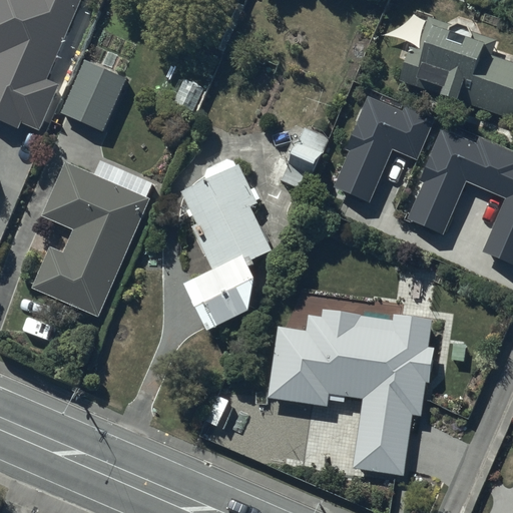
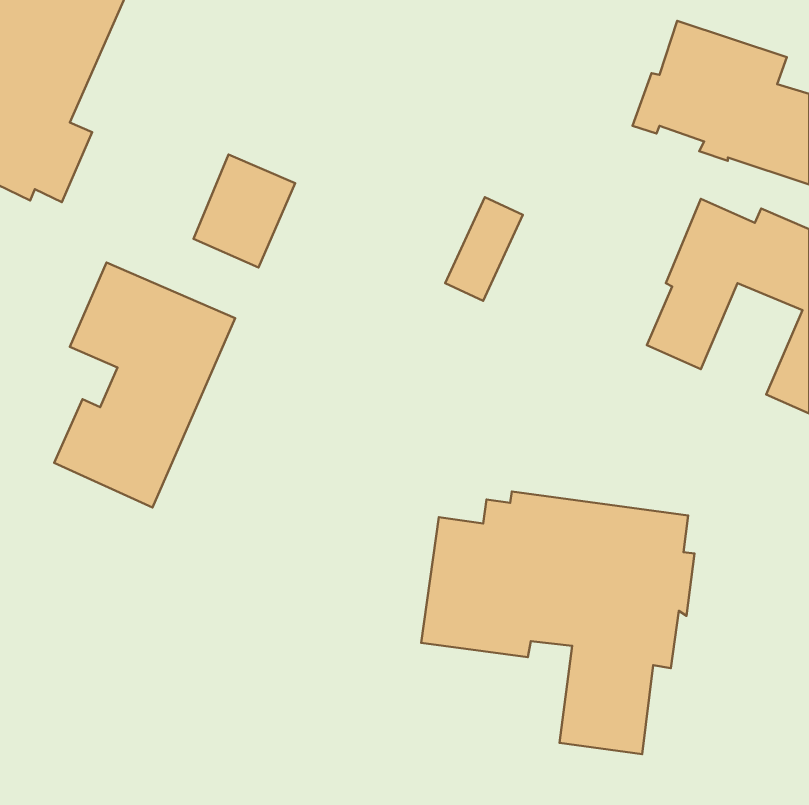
building: [61,57,125,128] -> [193,155,295,267]
building: [335,92,435,200] -> none
building: [180,155,273,339] -> none

